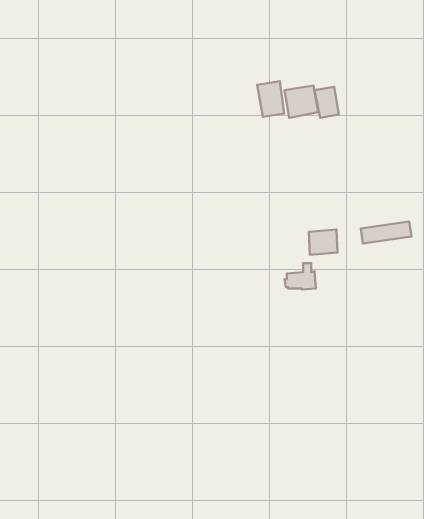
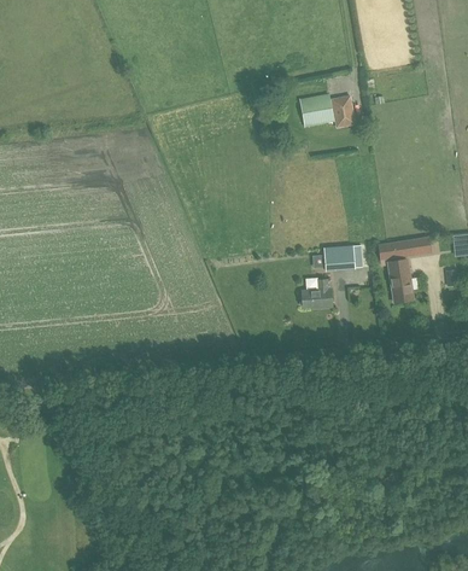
building: [257,81,284,117] -> none
building: none -> [387,258,414,302]

